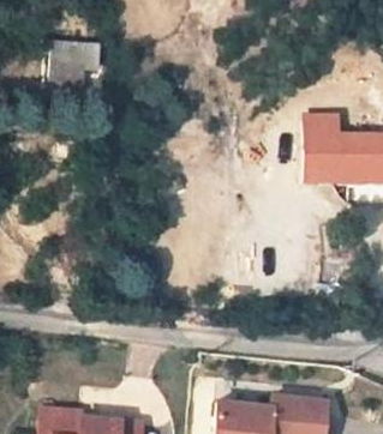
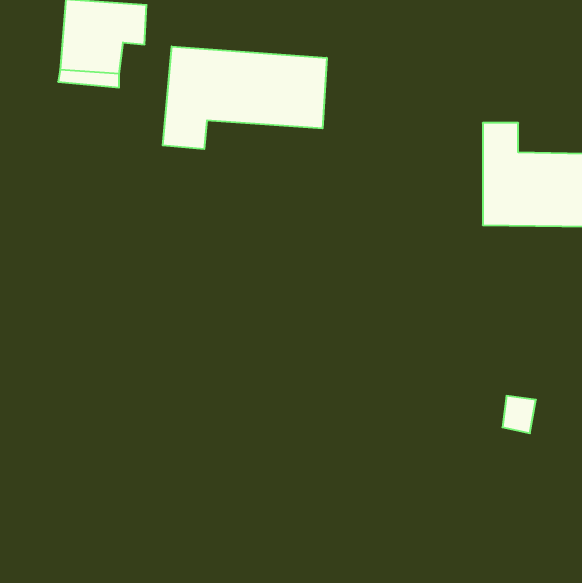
building: none -> [163,46,327,149]

